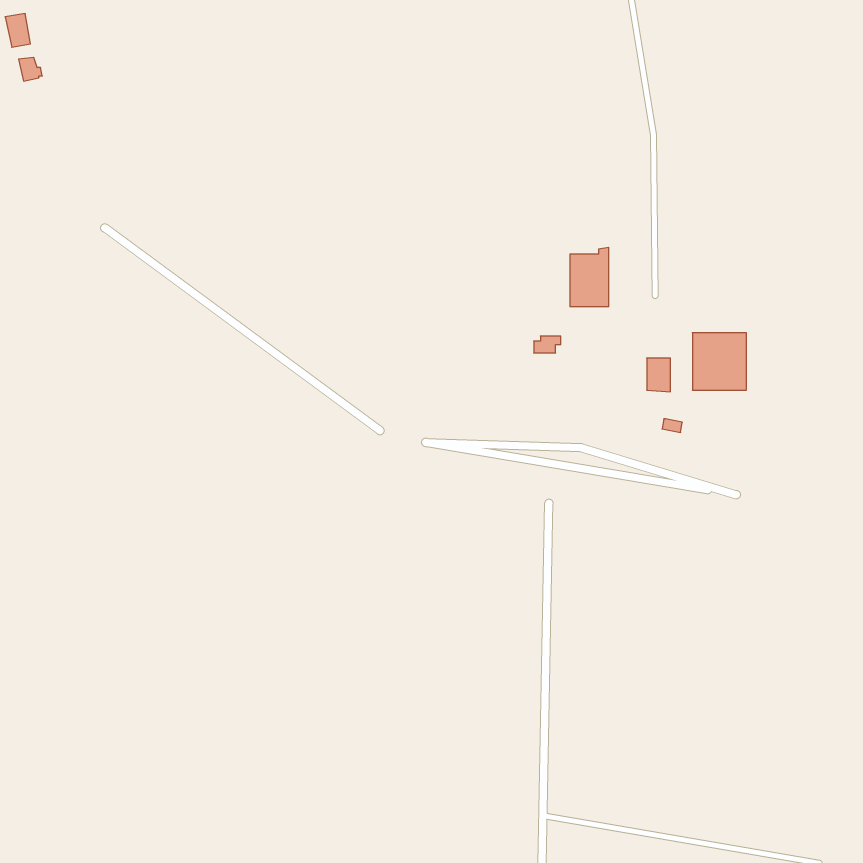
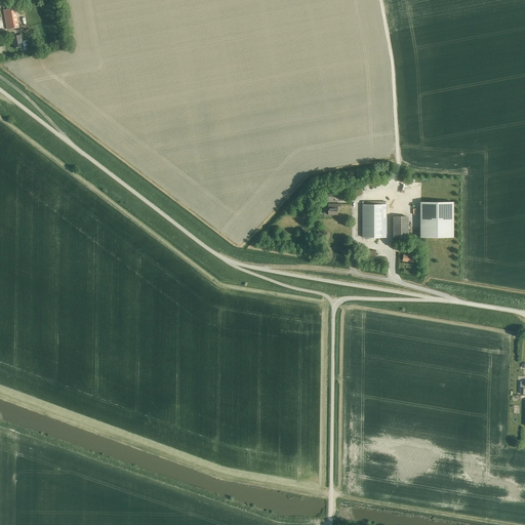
building: [570,247,609,307] -> [362,201,386,237]

